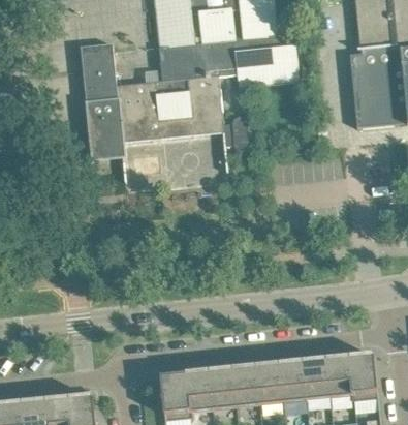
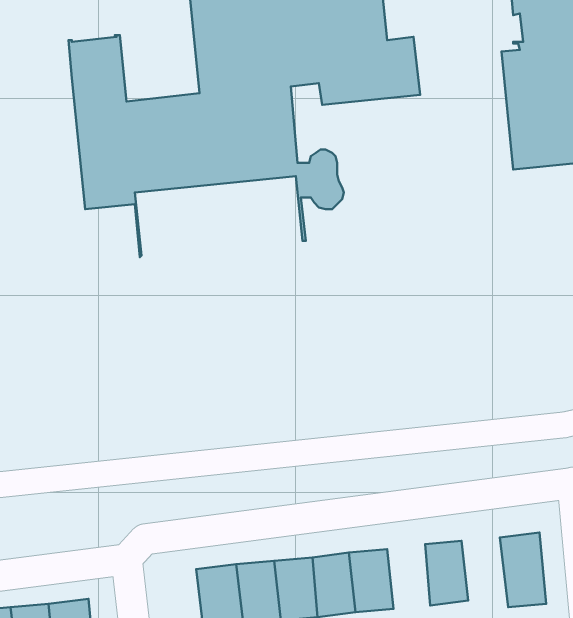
building: [325,357,354,400] -> none
building: [279,361,306,401] -> none

